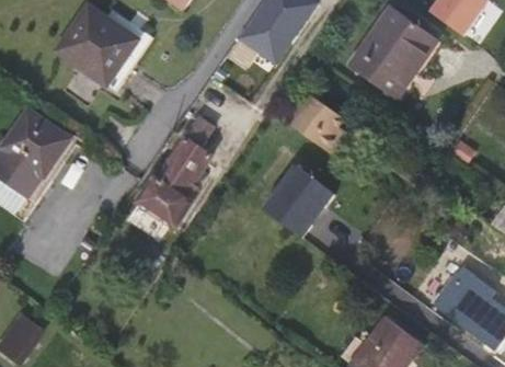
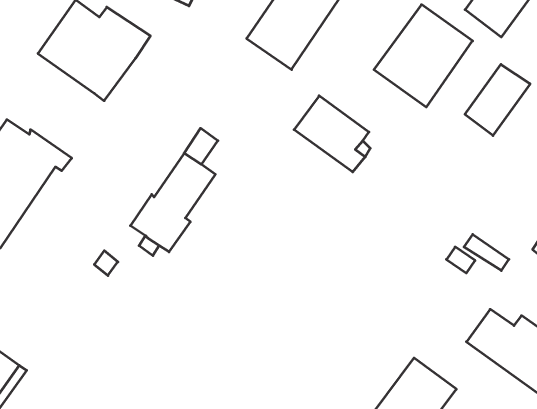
building: none -> [465,64,530,136]
building: [262,162,335,237] -> none

